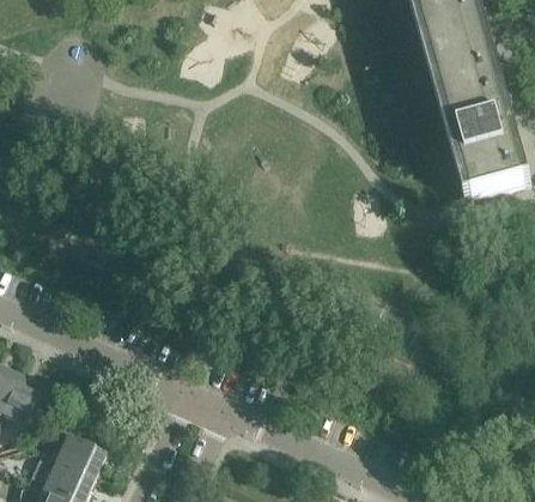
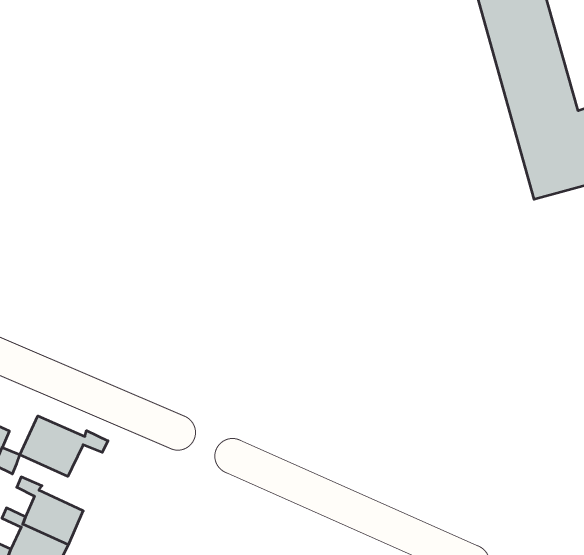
building: none -> [20,416,108,476]

